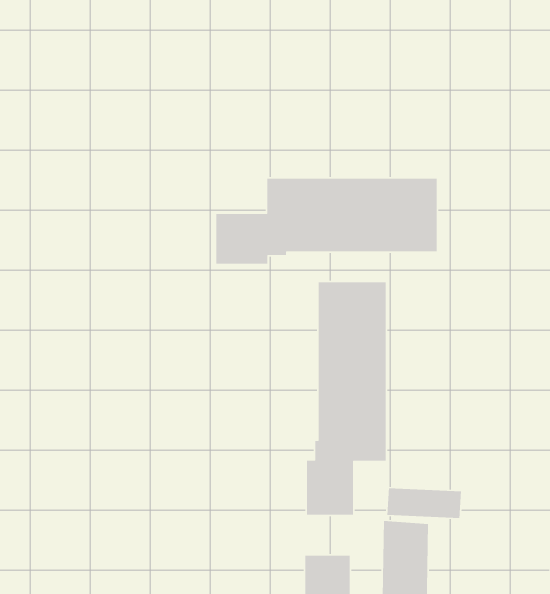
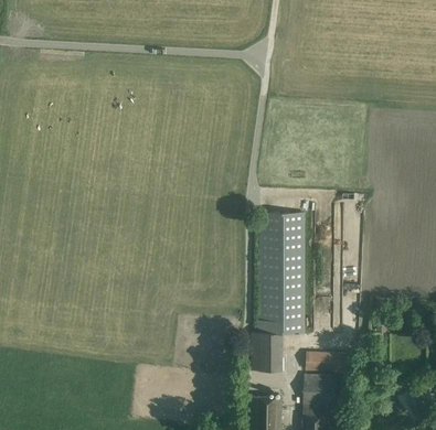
building: [215,178,437,265] -> none

